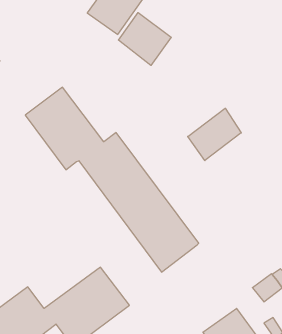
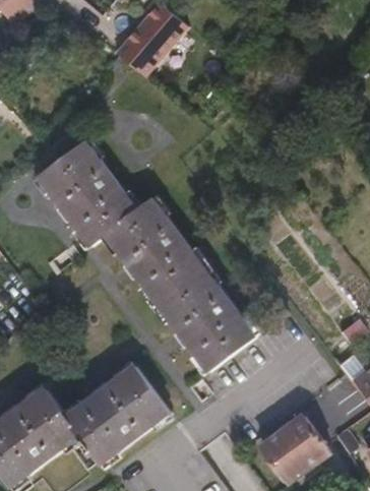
building: [118,13,171,65] -> none
building: [188,108,241,161] -> none

